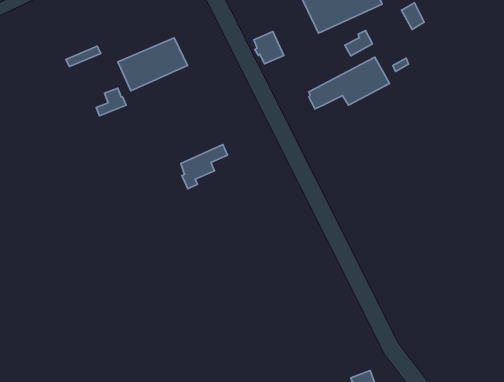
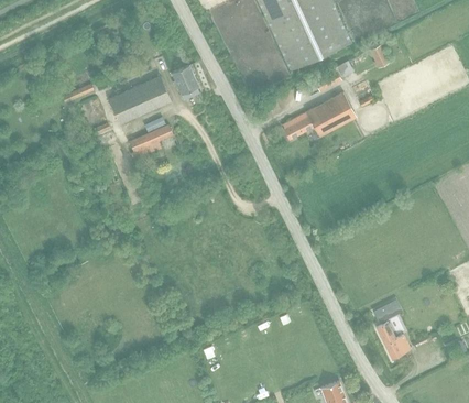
building: [254,31,284,64] -> [172,65,199,95]
building: [181,144,228,189] -> [130,123,173,164]
building: none -> [377,313,411,358]

